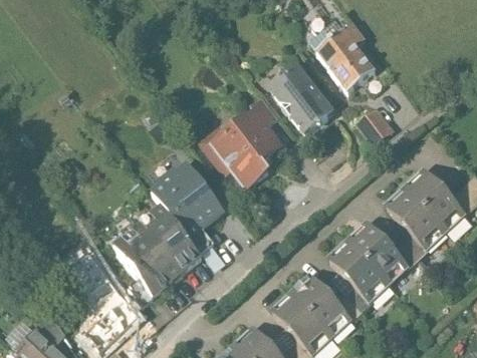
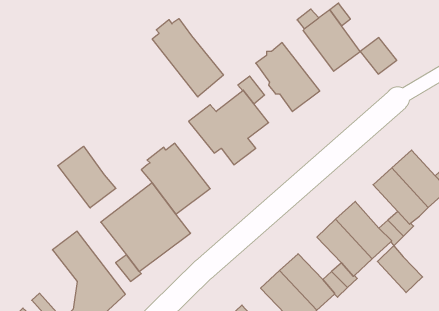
building: none -> [152,19,223,97]
building: [356,106,394,143] -> [360,38,397,74]
building: none -> [58,146,116,208]
building: none -> [377,246,423,293]

